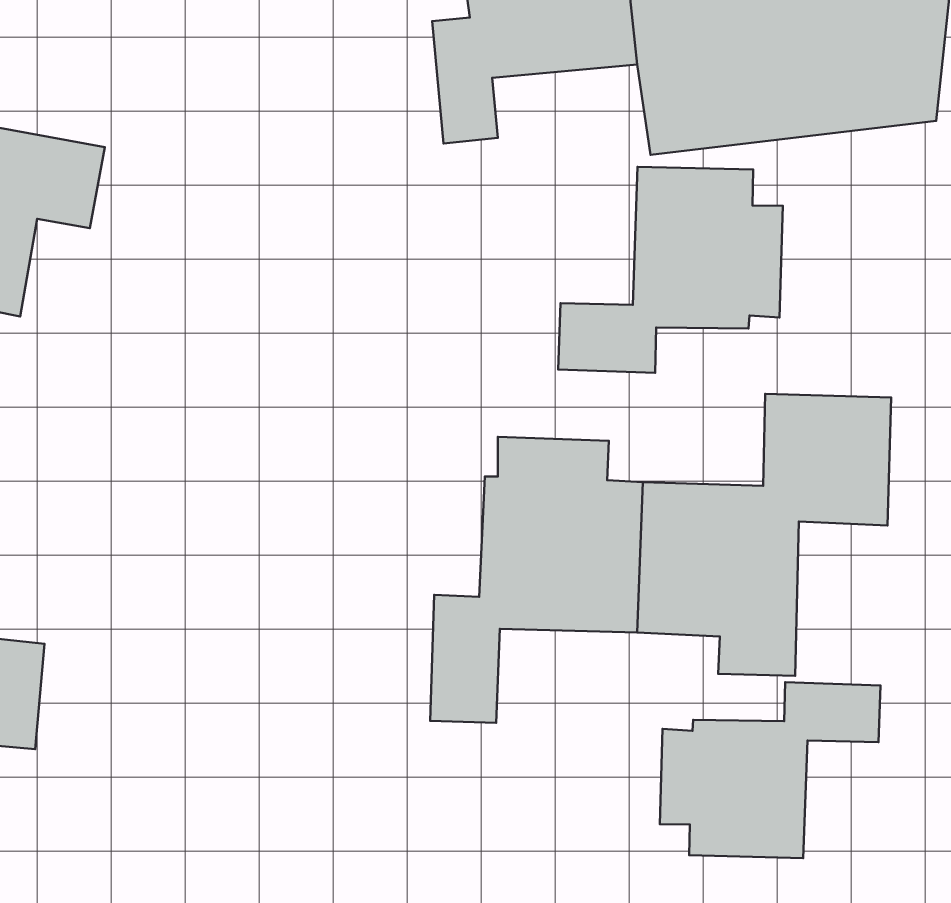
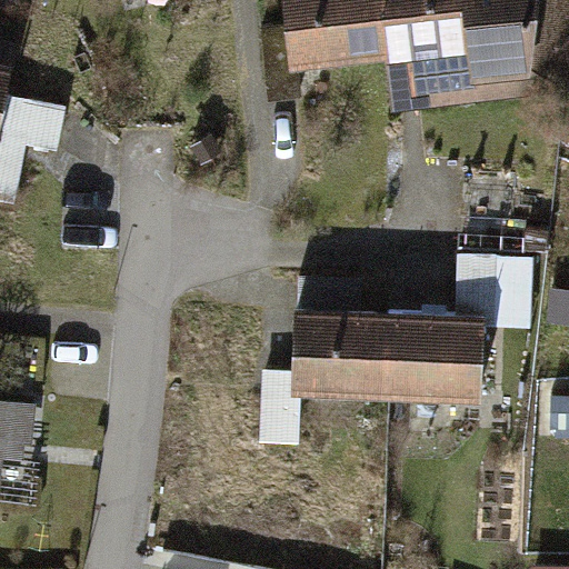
building: [558,167,783,373] -> none
building: [660,682,880,858] -> none

